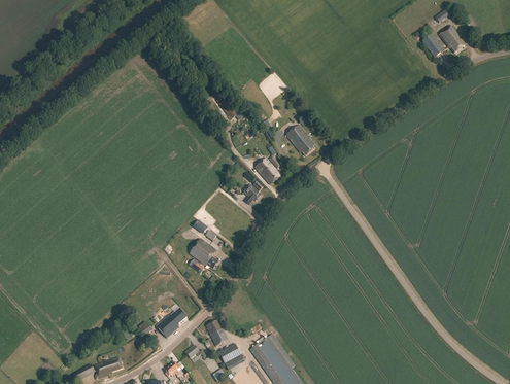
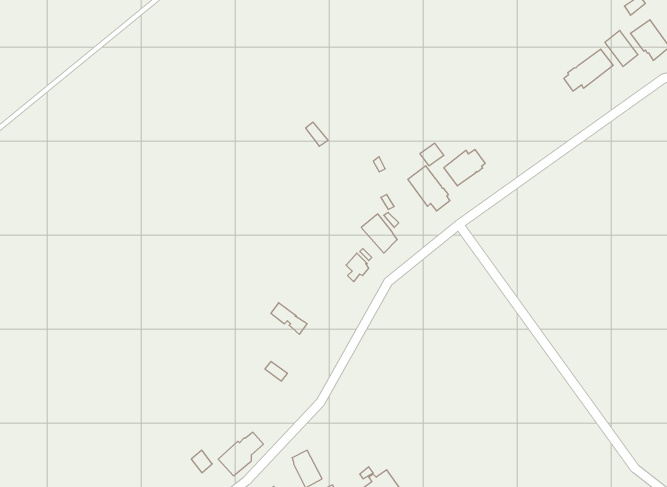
building: none -> [564,49,613,91]
building: none -> [444,149,485,186]
building: [190,239,218,269] -> none

